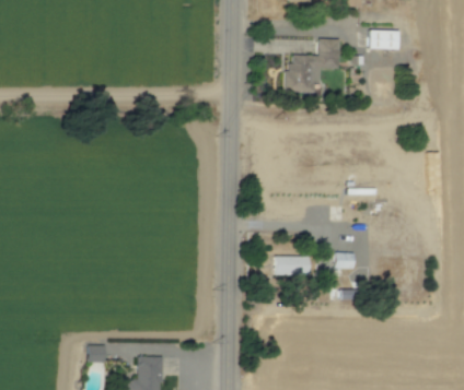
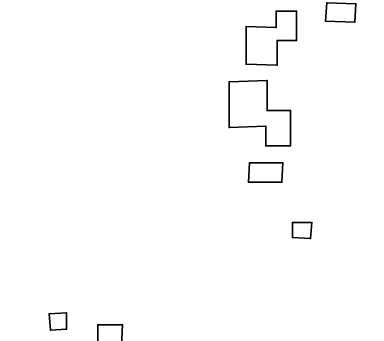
building: none -> [229,80,291,146]
building: [275,257,310,276] -> [248,163,283,182]

